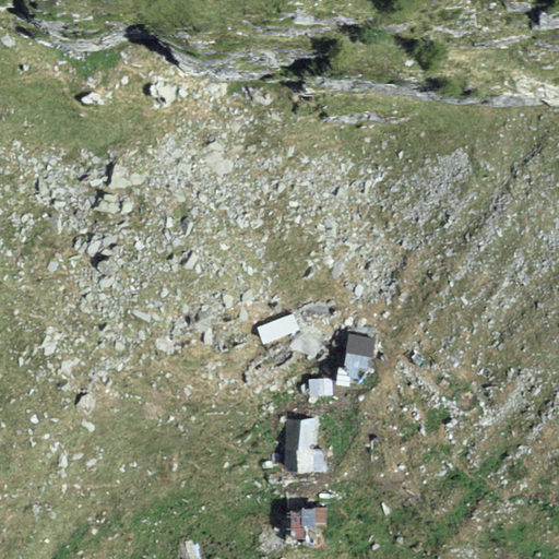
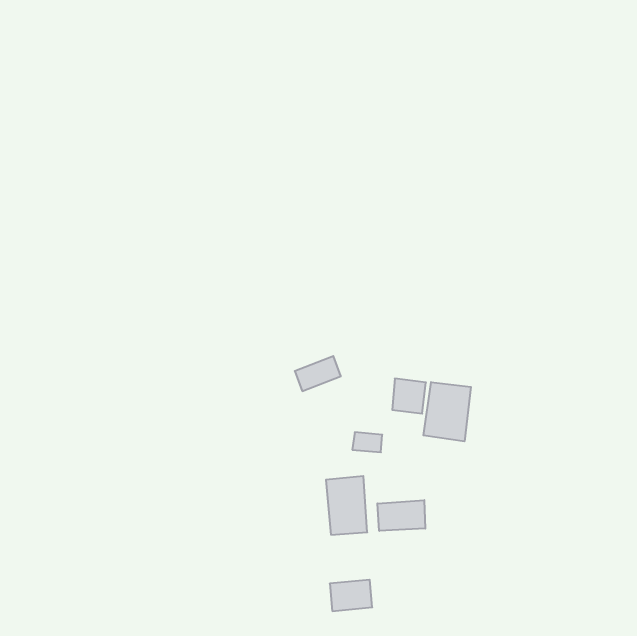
building: none -> [423,382,471,441]
building: none -> [377,500,425,531]

